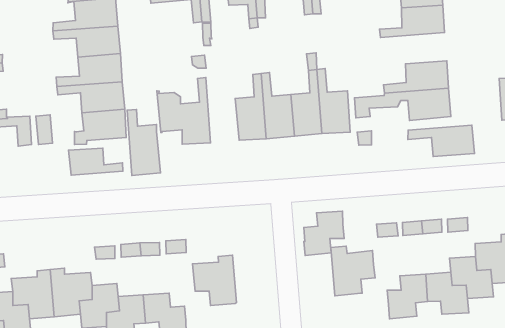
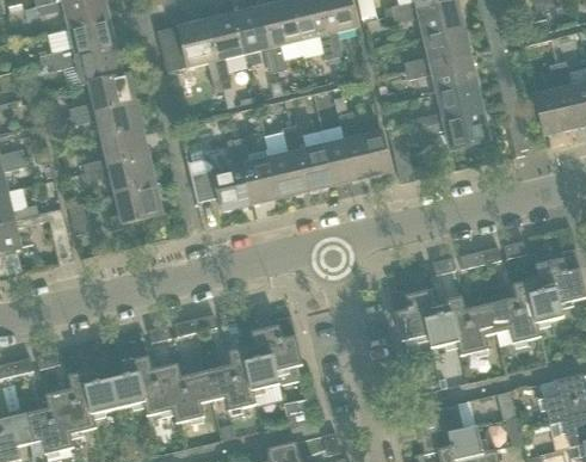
building: [127,109,160,175] -> [234,136,278,204]
building: [408,125,474,156] -> [406,54,477,92]
building: [69,148,123,175] -> none
building: [304,211,344,256] -> [425,296,468,347]
building: none -> [228,345,279,389]

